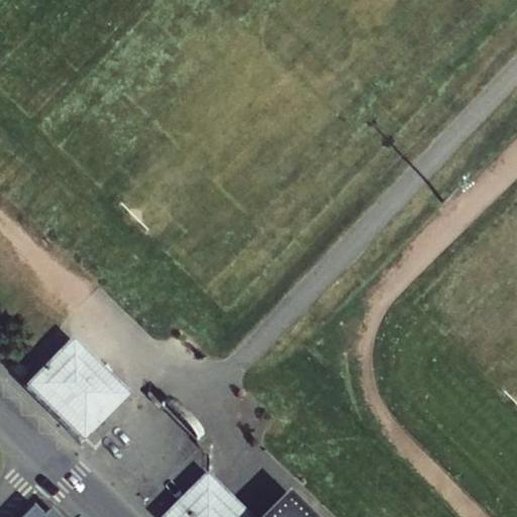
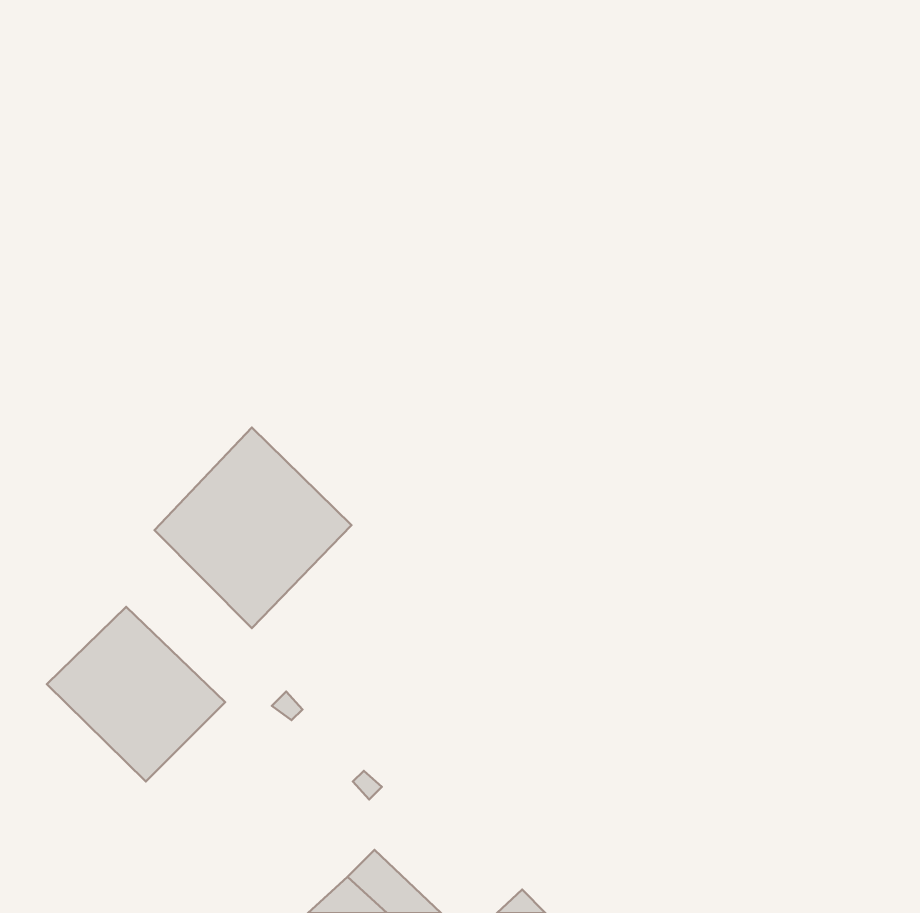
building: none -> [154,428,351,628]

